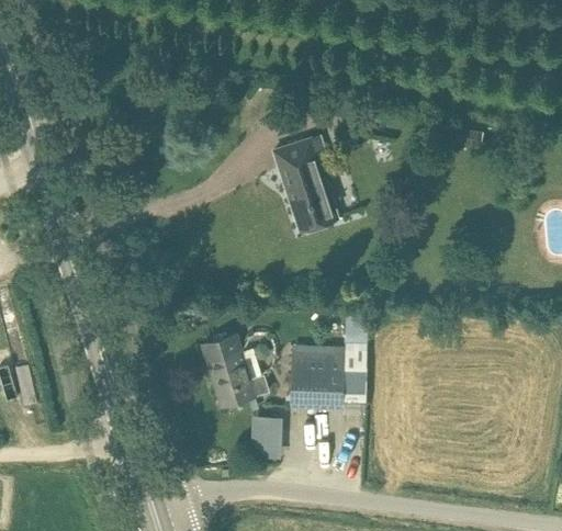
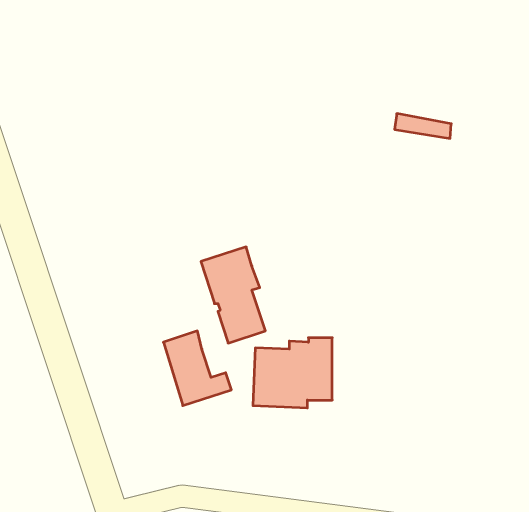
building: [274,137,337,230] -> [201,247,265,343]
building: [246,416,277,457] -> none

